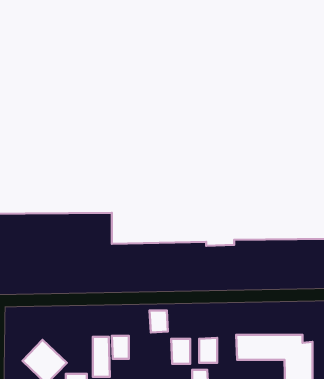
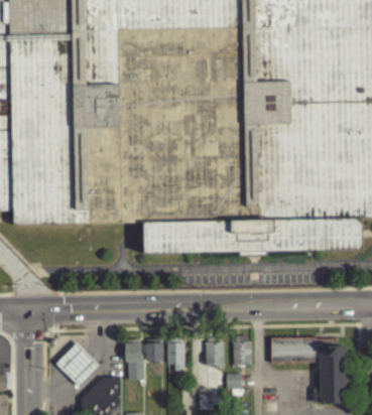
building: [150,311,168,333] -> [167,343,185,366]

